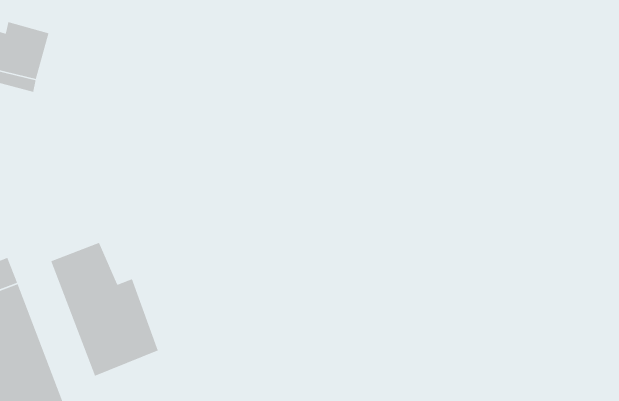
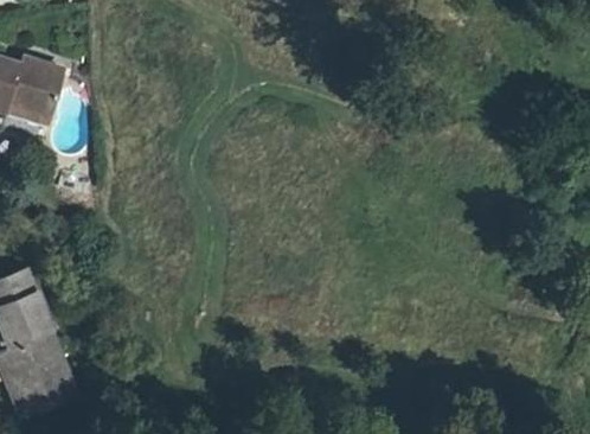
building: [50,242,159,377] -> none

